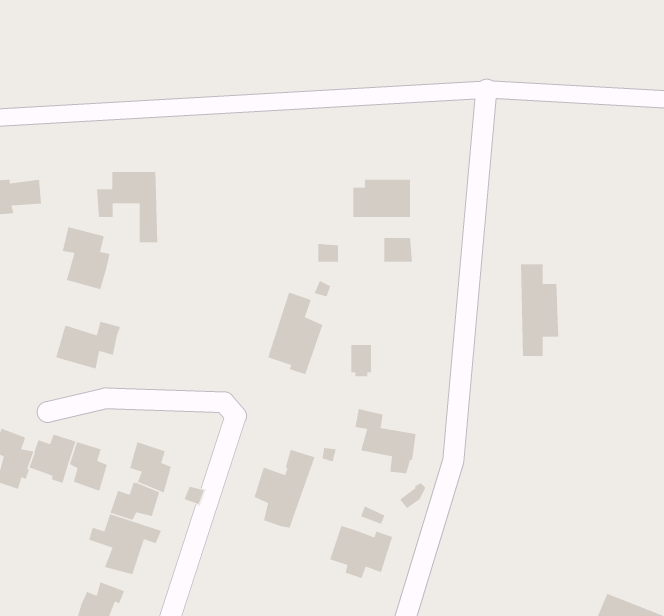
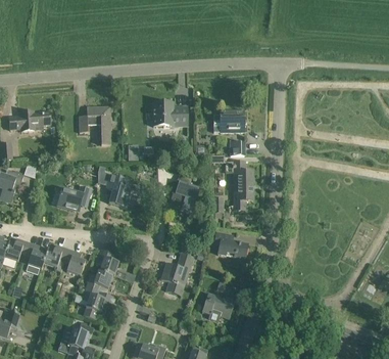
building: none -> [152,102,186,126]
building: [62,226,111,290] -> [105,174,131,208]
building: [520,264,559,357] -> [232,161,252,210]

